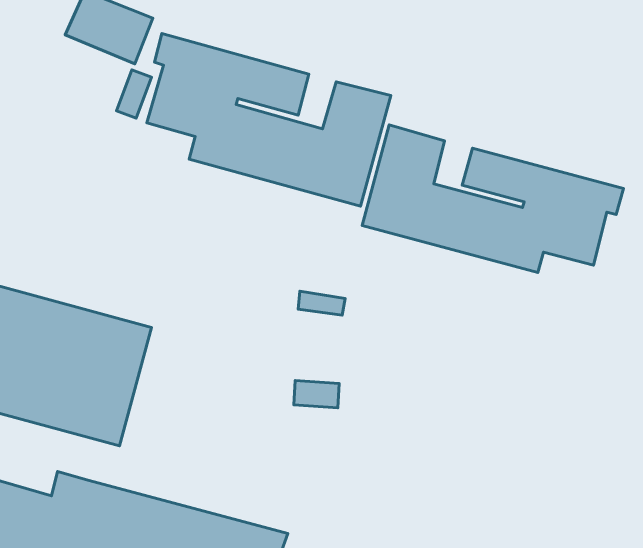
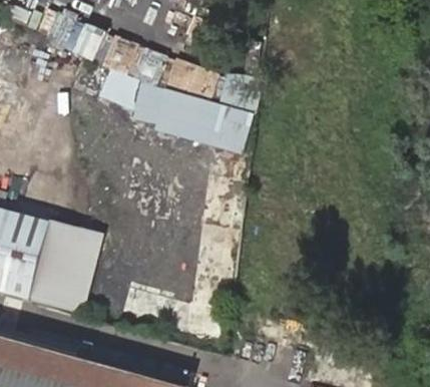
building: [362,125,624,273] -> none

